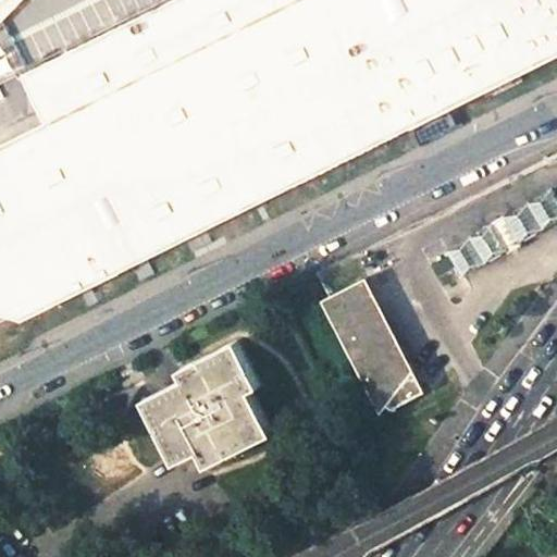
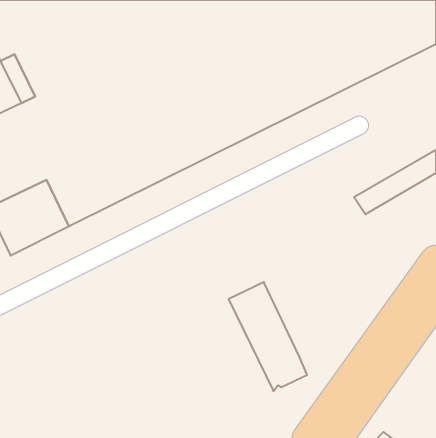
building: [321,276,420,414] -> [229,282,307,391]
building: [140,341,267,466] -> none

